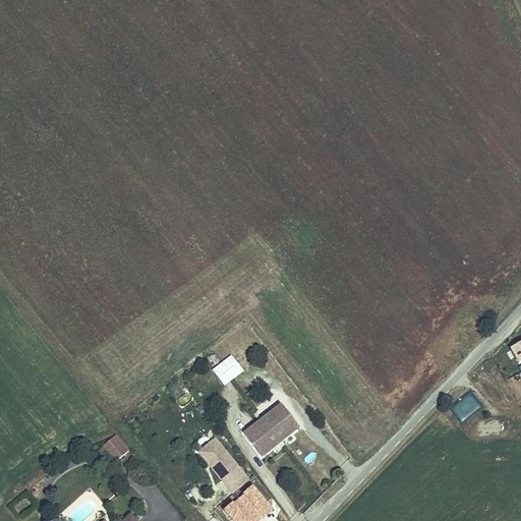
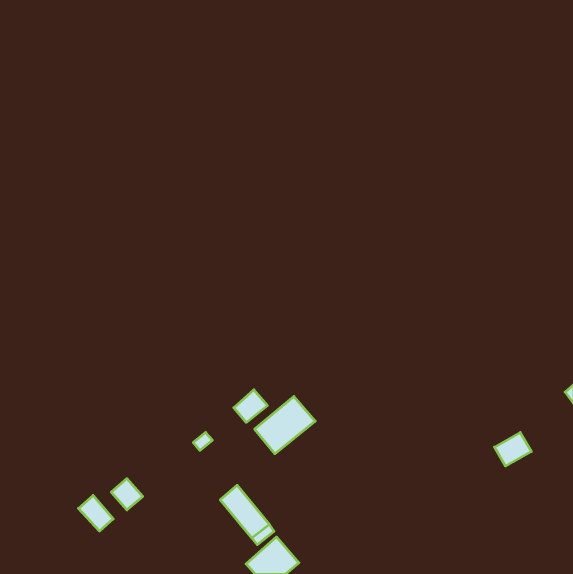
building: [245,400,300,452] -> [255,396,315,454]
building: none -> [78,495,113,531]

